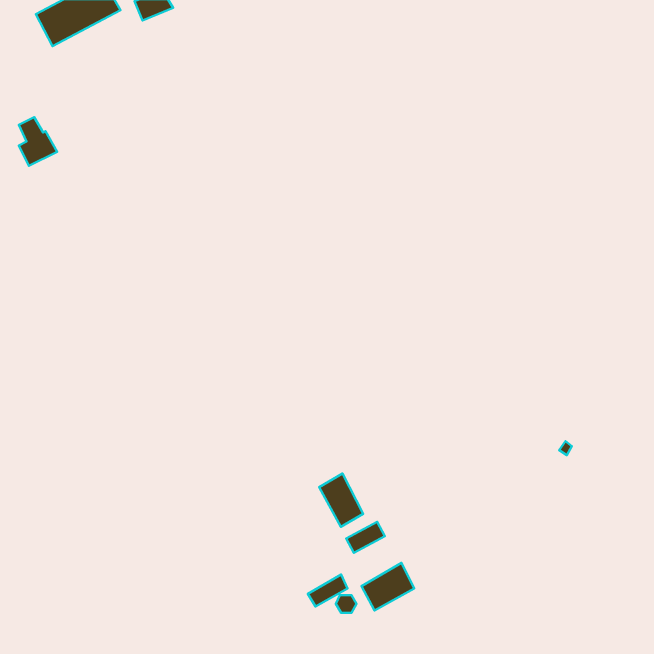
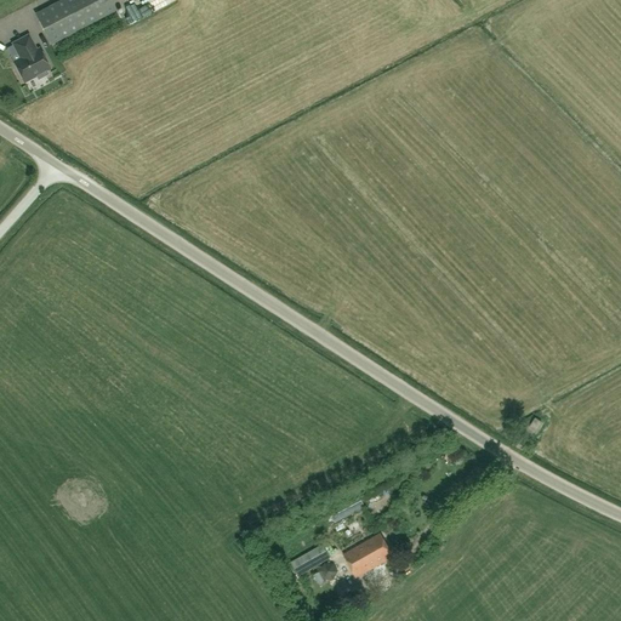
building: [19,117,57,166] -> [12,35,49,81]
building: [319,473,363,527] -> none

